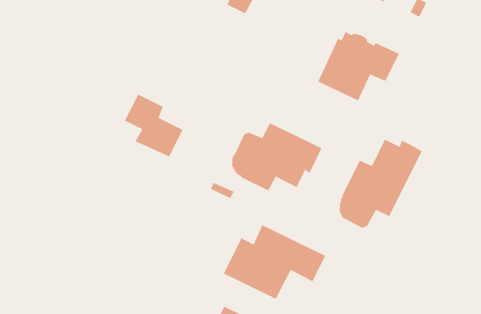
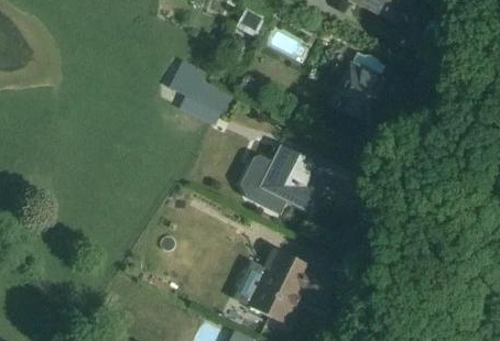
building: [124,94,183,158] -> [169,58,229,123]
building: [338,139,423,229] -> none

